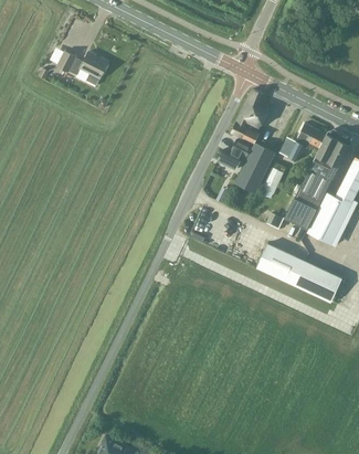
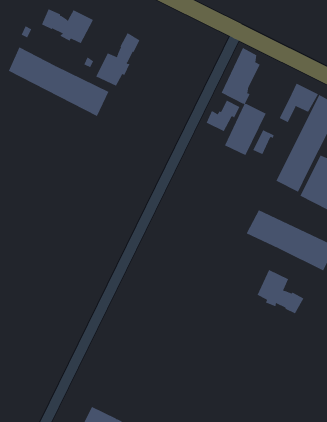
building: none -> [95,32,140,87]
building: none -> [8,47,109,117]
building: none -> [257,269,304,314]

